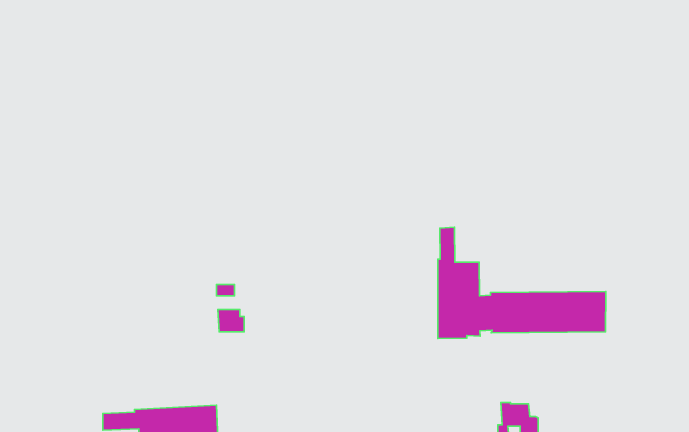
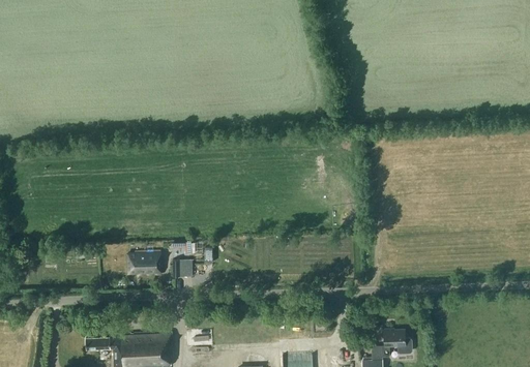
building: [438,227,606,339] -> none
building: none -> [127,251,161,276]

